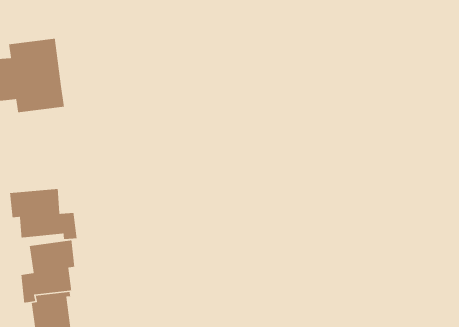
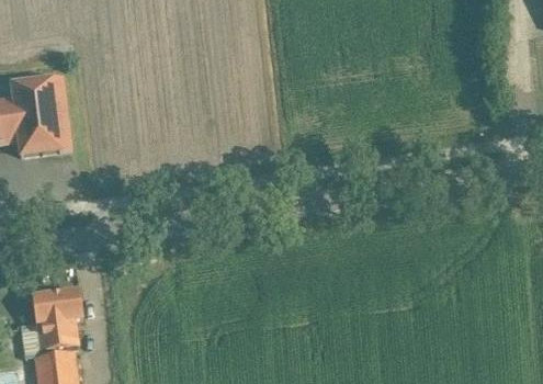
building: [9,188,77,240] -> none

